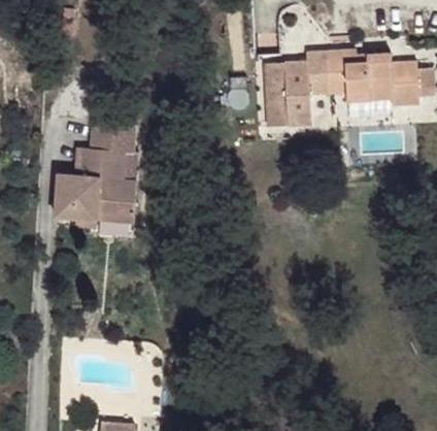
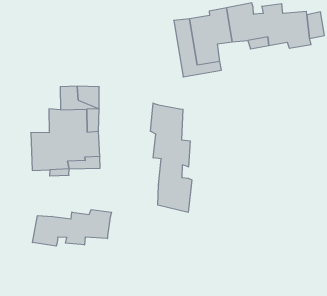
building: none -> [150,103,192,212]
building: none -> [32,210,112,246]

